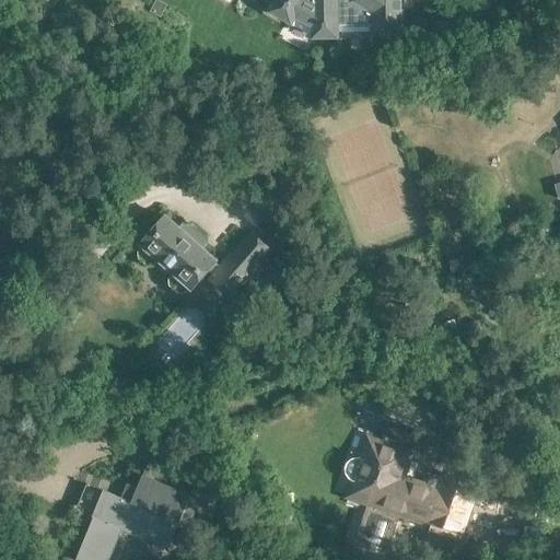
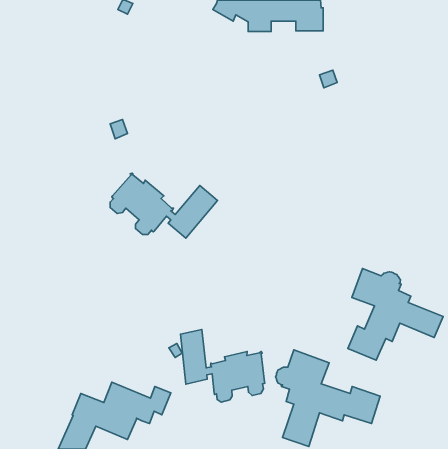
building: none -> [348,269,443,360]
building: none -> [180,329,265,402]

